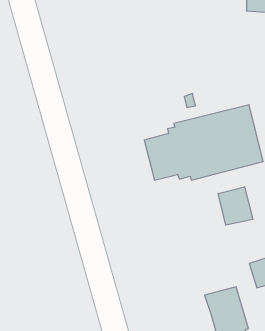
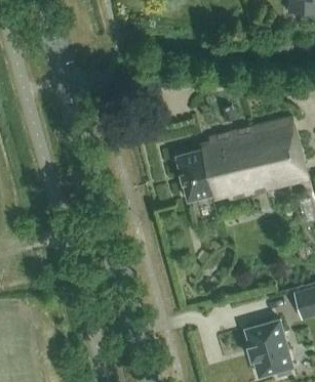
building: [218,187,253,225] -> none

